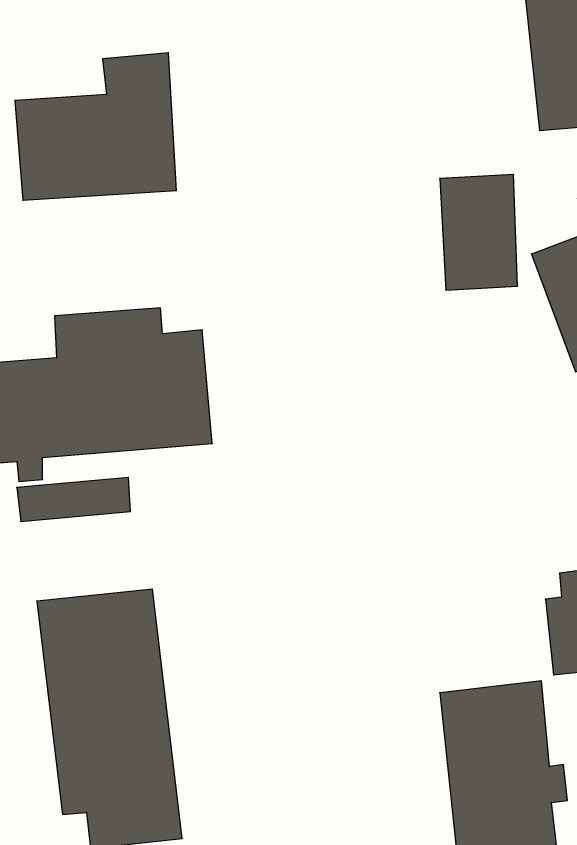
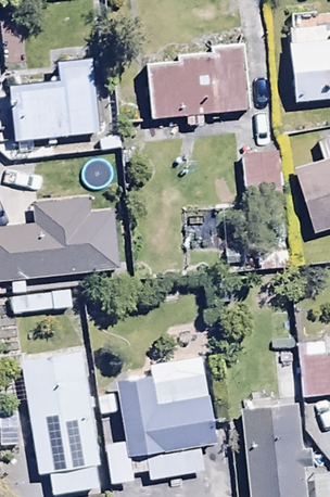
building: none -> [147,43,249,124]
building: none -> [106,356,216,483]

